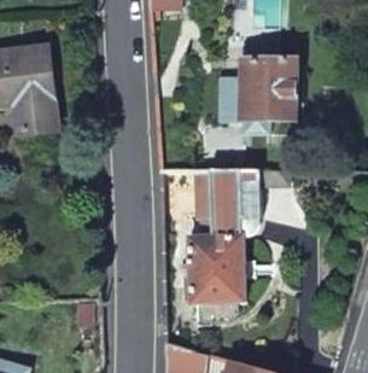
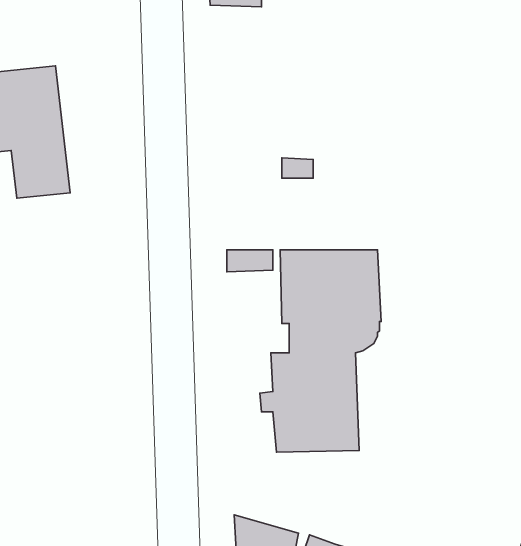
building: [218,46,302,133] -> none

